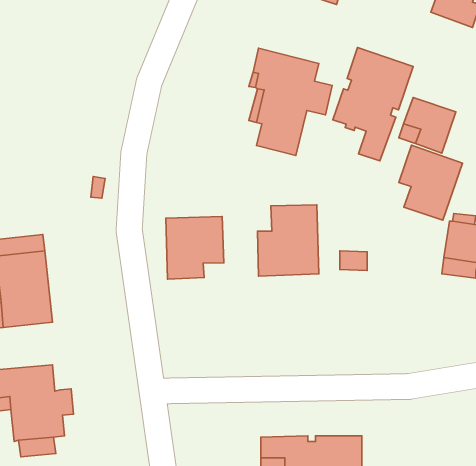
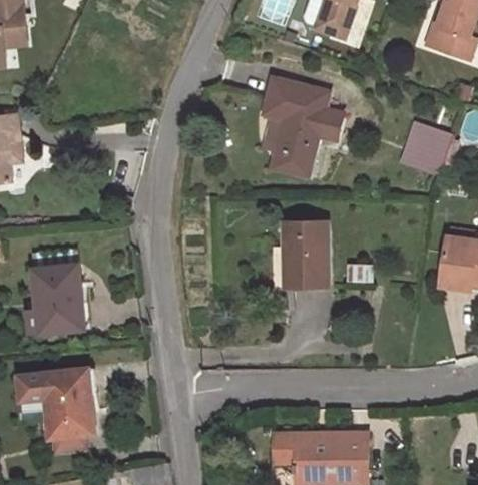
building: [333,48,413,161] -> none
building: [399,145,462,220] -> none
building: [166,216,224,279] -> none

